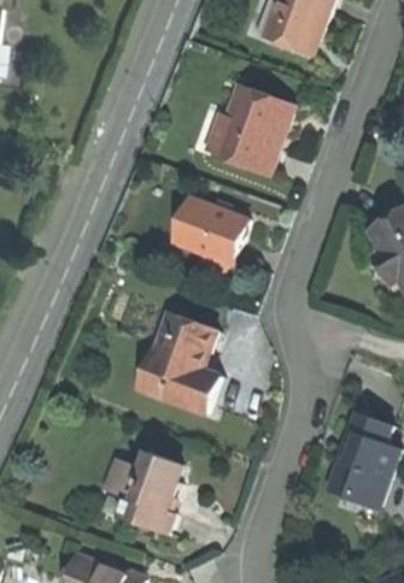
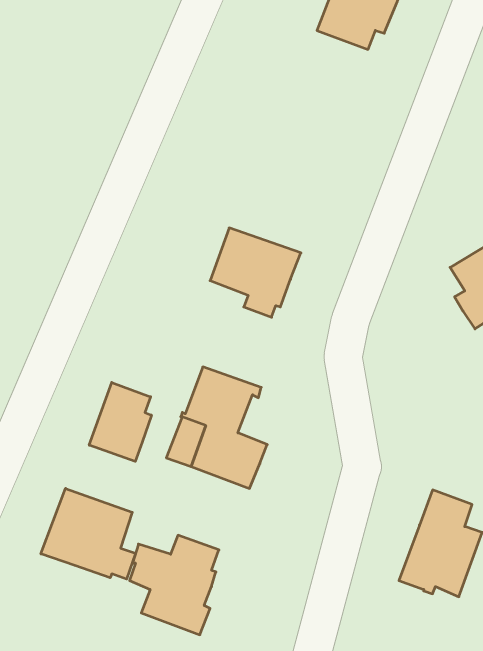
building: [205,84,294,172] -> none
building: none -> [89,382,151,461]
building: none -> [41,488,136,579]

